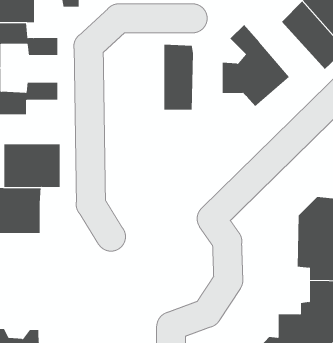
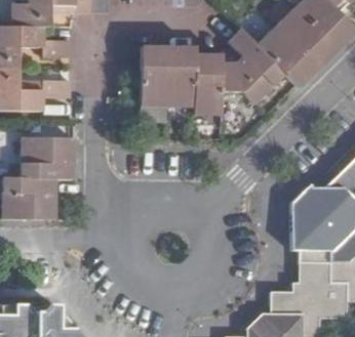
building: none -> [255,25,315,88]
building: none -> [141,45,167,106]
building: none -> [194,53,222,113]

